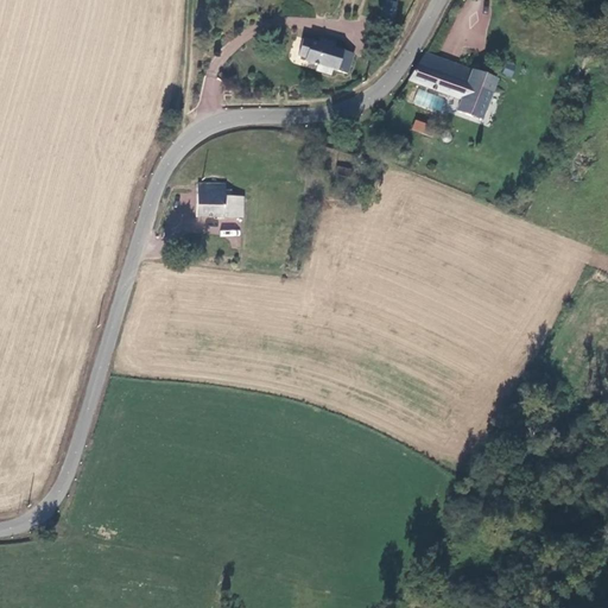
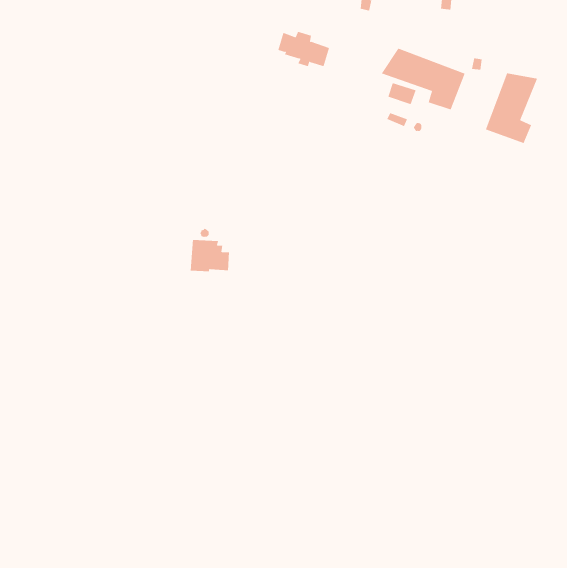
building: none -> [485,72,538,144]
building: [197,182,240,216] -> [190,240,230,272]

